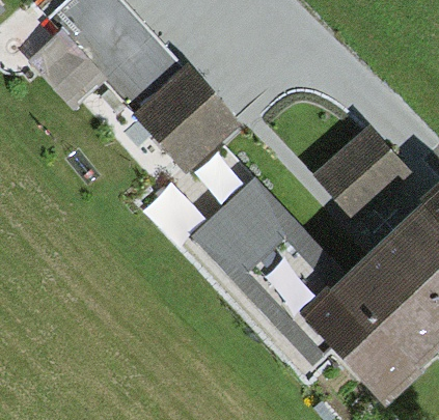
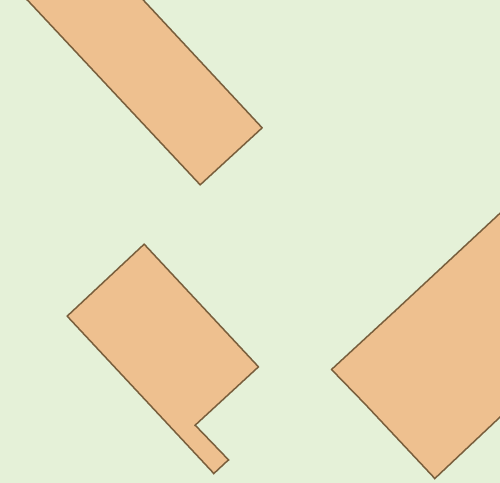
building: [309,122,402,213] -> none
building: [188,172,348,364] -> [67,244,258,474]

